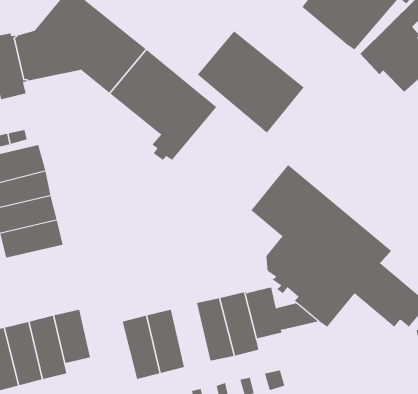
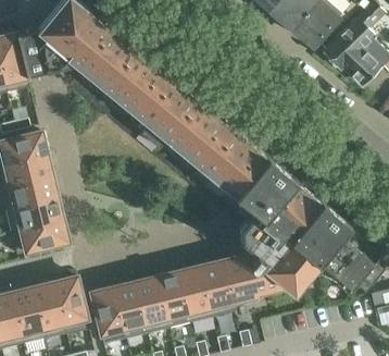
building: [189,31,304,133] -> [158,98,259,188]
building: none -> [11,219,67,254]
building: none -> [156,270,190,327]
building: none -> [90,286,126,343]

